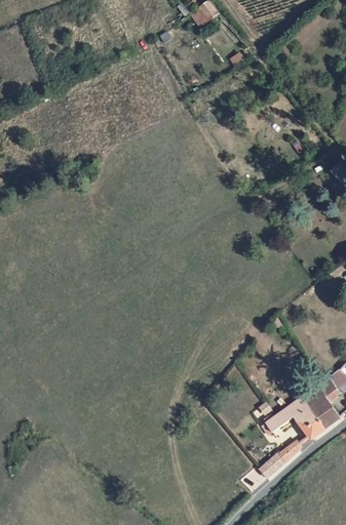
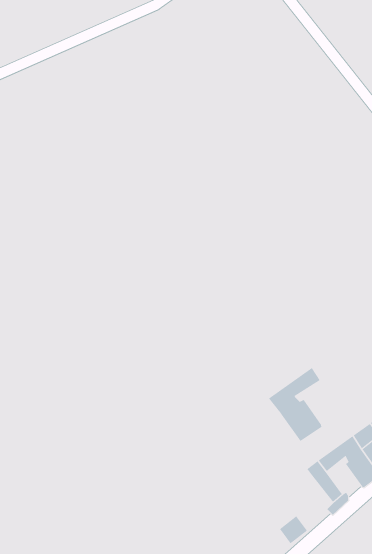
building: none -> [268,367,322,442]

